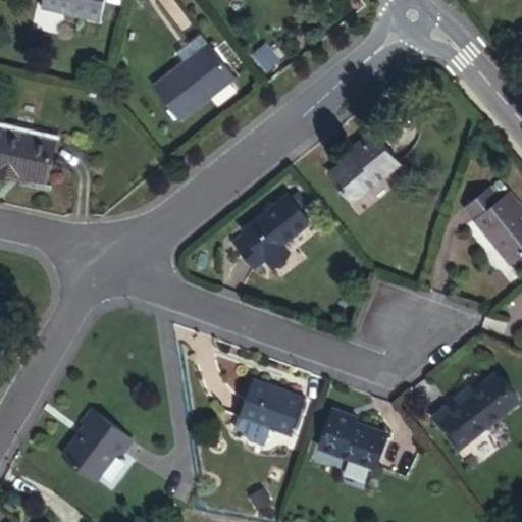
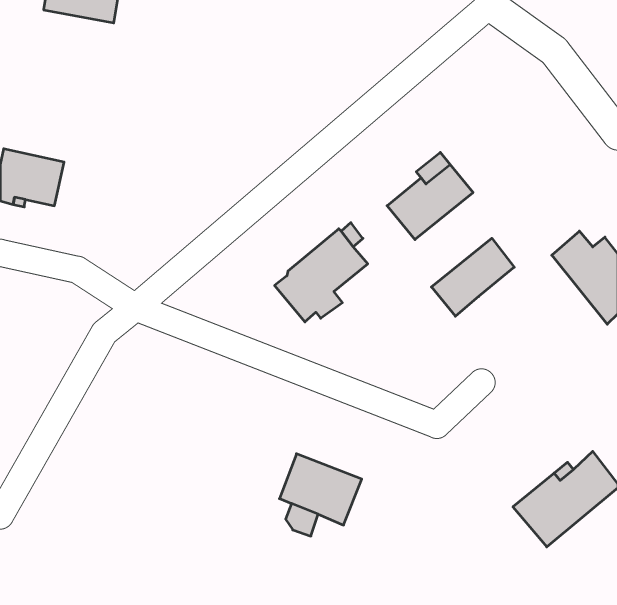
building: [149,27,233,114] -> none
building: none -> [431,238,514,316]
building: [63,407,135,480] -> none
building: [318,420,387,477] -> none

